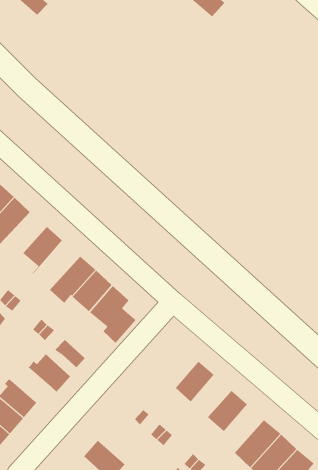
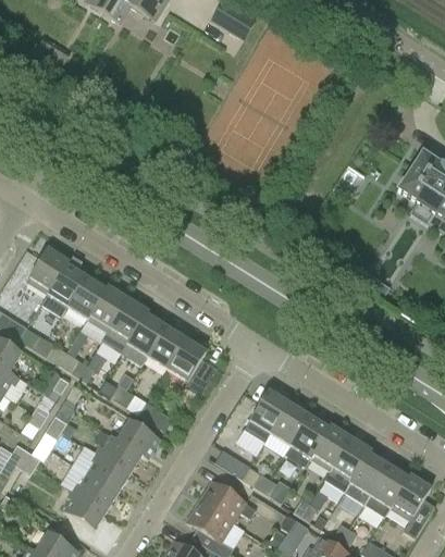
building: none -> [66,274,107,319]
building: none -> [101,298,147,352]
building: none -> [244,387,289,441]
building: none -> [92,429,140,473]
building: none -> [283,412,330,466]
building: none -> [323,437,369,491]
building: none -> [198,481,254,522]

